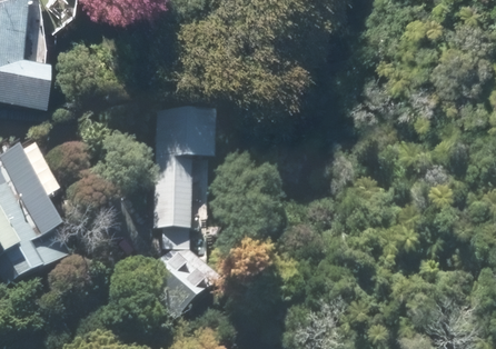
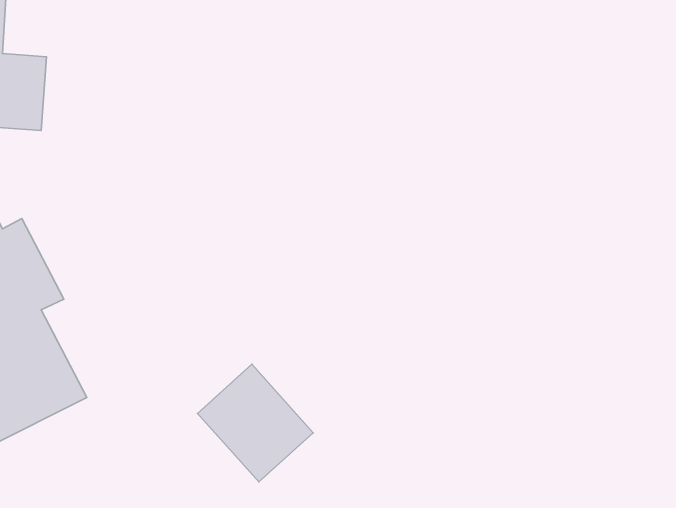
building: [152,116,214,233] -> none

